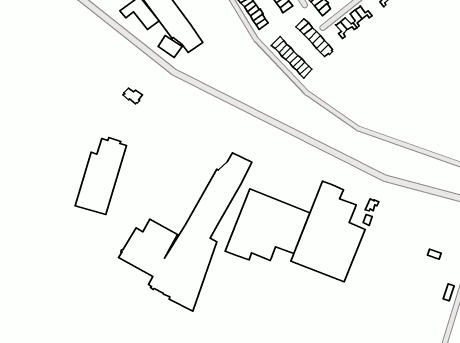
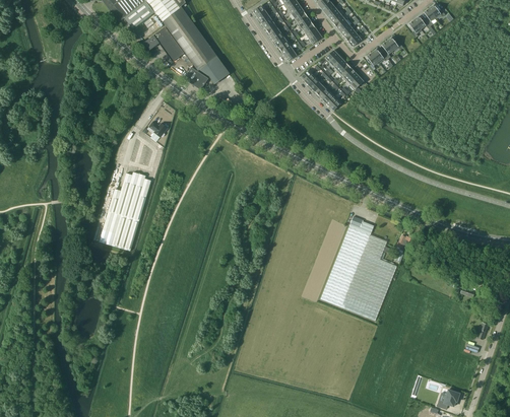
building: [118,153,252,311] -> none
building: [225,189,310,261] -> none

